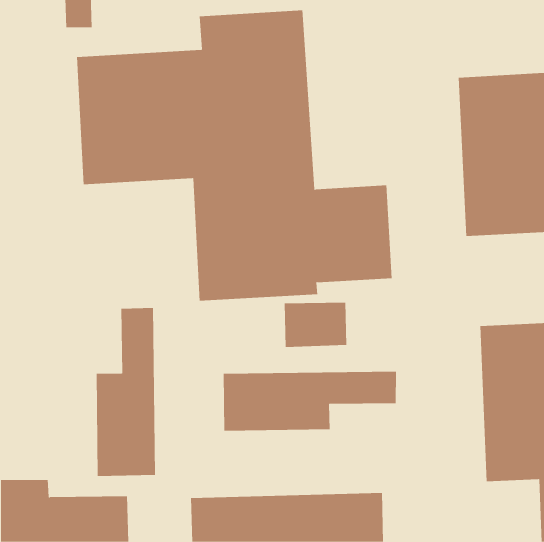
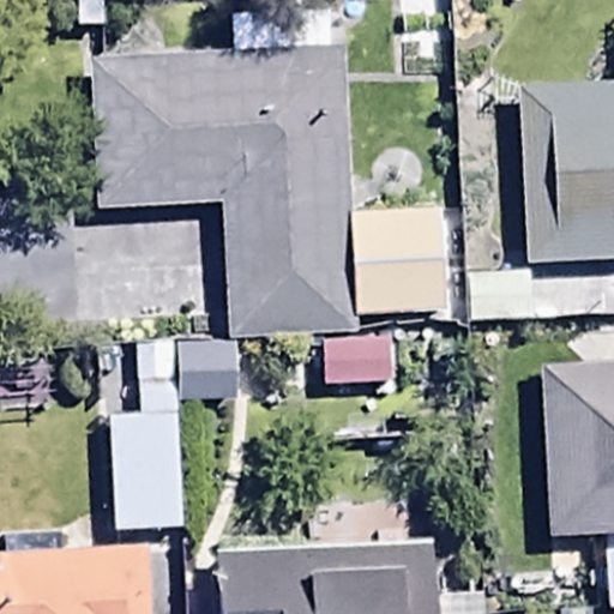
building: [223,371,396,431] -> none

